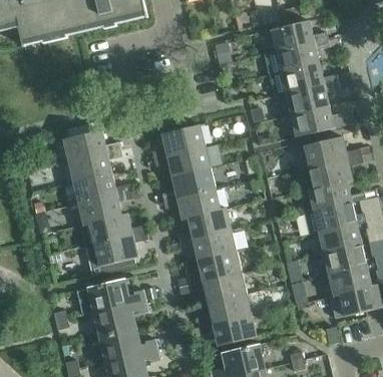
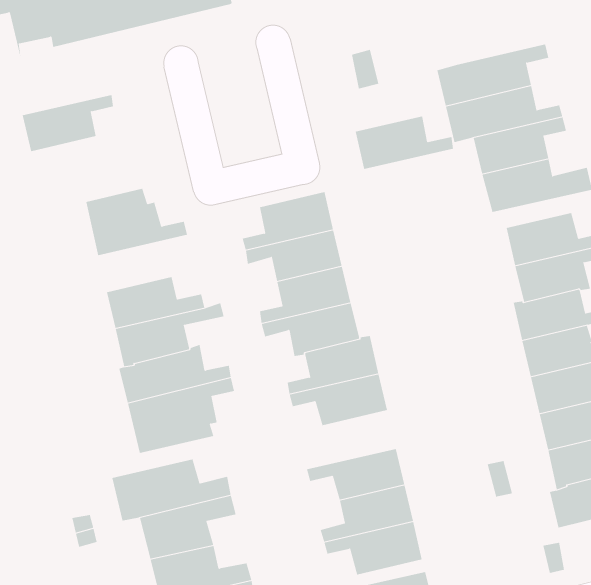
building: [270,20,327,51] -> [355,116,454,170]
building: [68,149,121,182] -> [22,94,114,152]
building: [187,251,241,285] -> none

